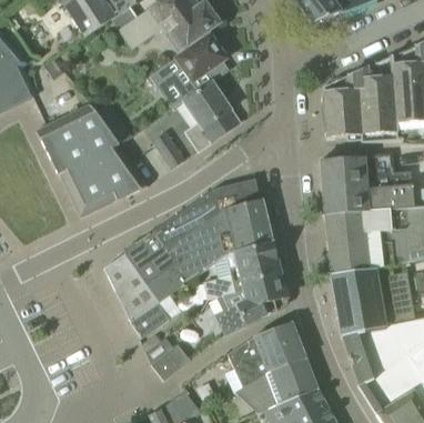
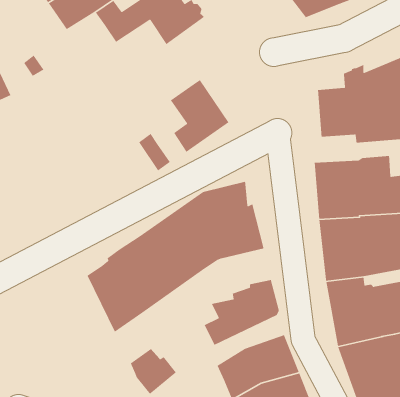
building: [150,34,229,89] -> none
building: [37,104,148,216] -> none
building: [205,242,280,298] -> none
building: [131,303,169,338] -> none

